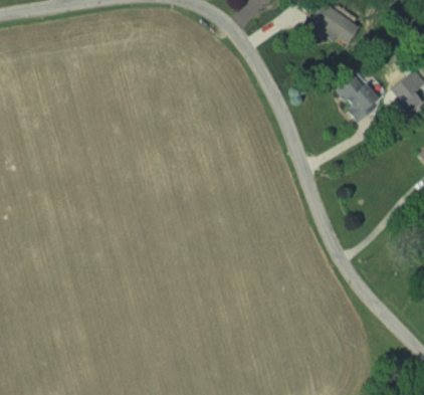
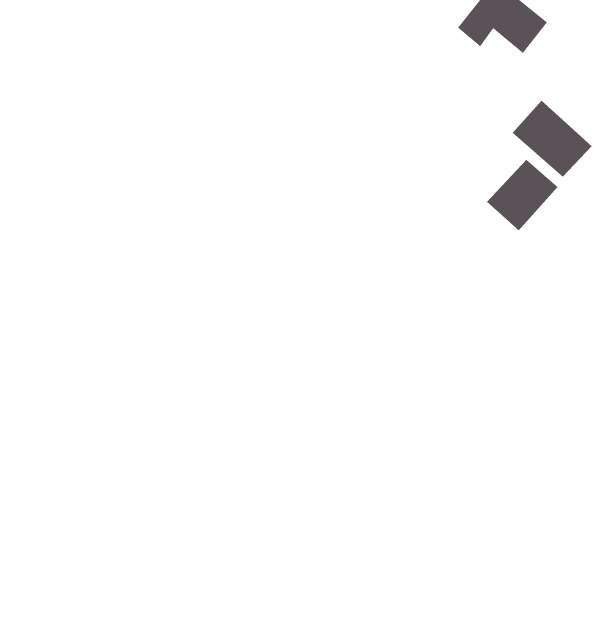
building: none -> [486,159,559,231]

